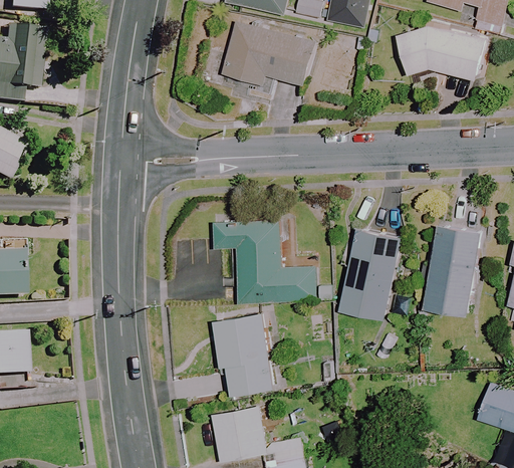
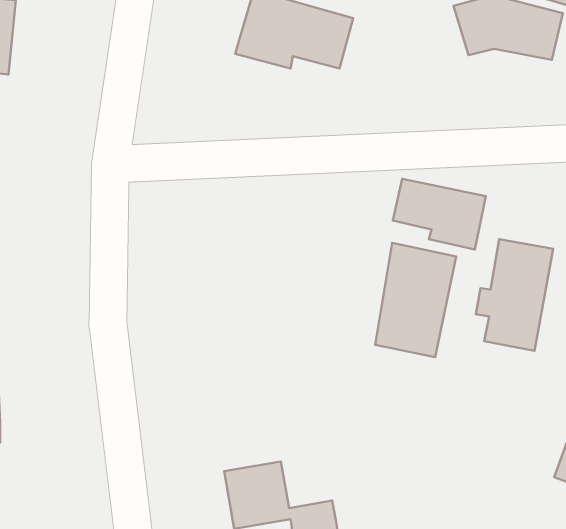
building: none -> [393,179,486,250]
building: [214,219,317,302] -> none
building: [212,311,273,395] -> none

